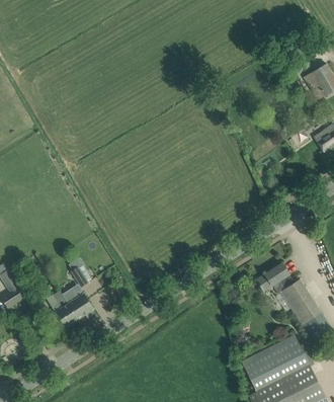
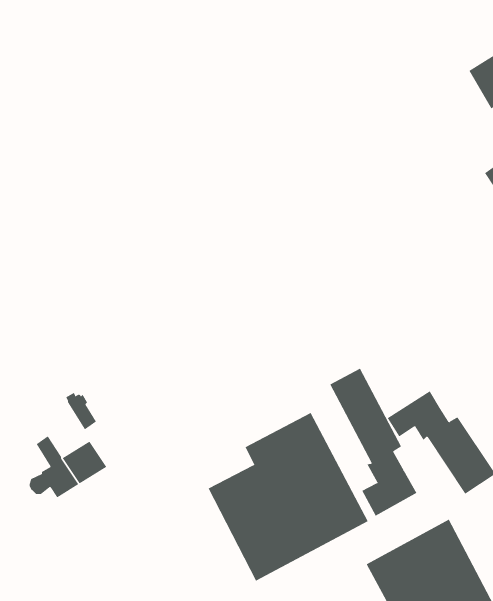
building: none -> [330,368,417,516]
building: none -> [208,412,369,581]

